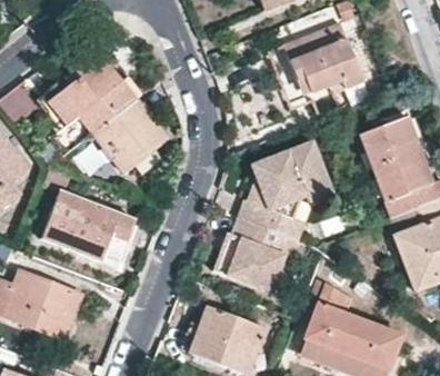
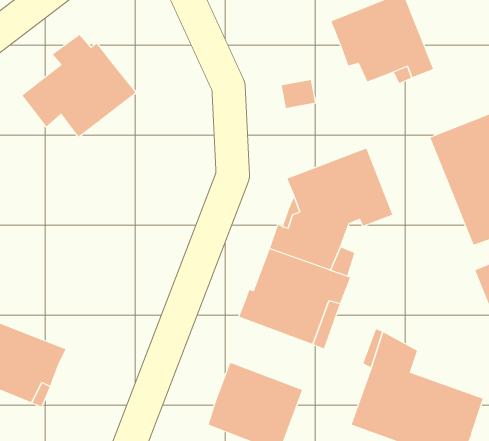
building: [91,99,167,174] -> none
building: [42,190,134,259] -> none

